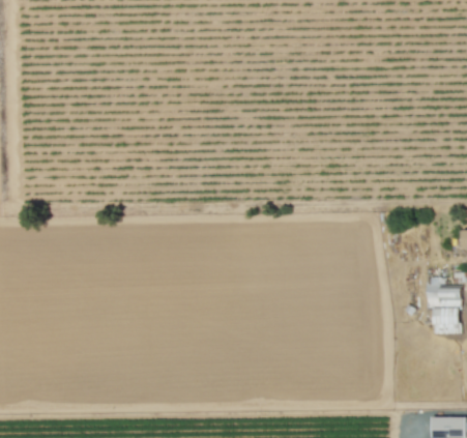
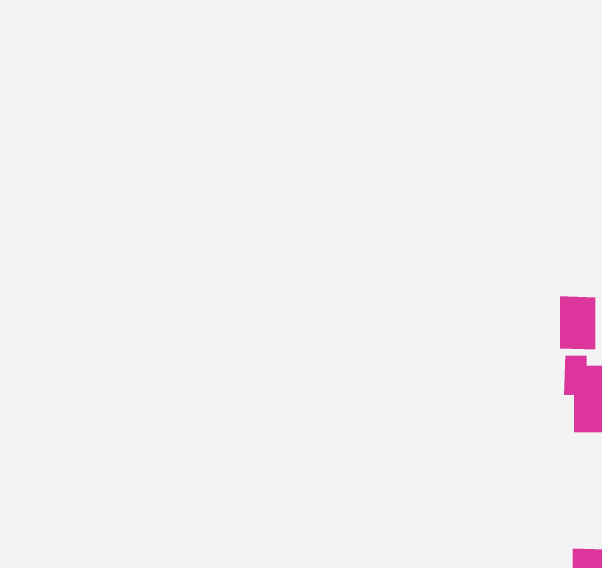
building: none -> [559,296,596,350]

